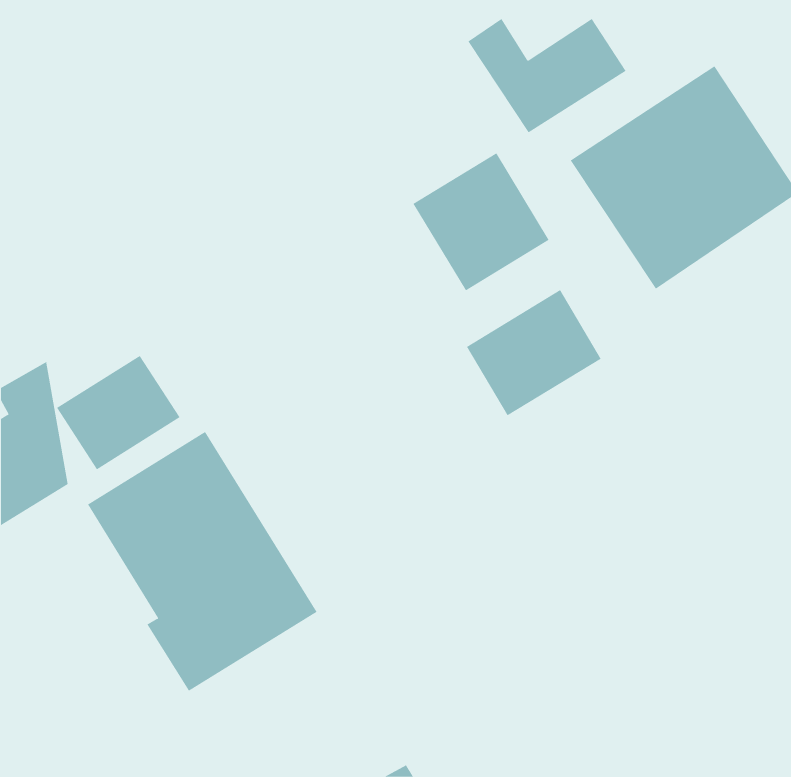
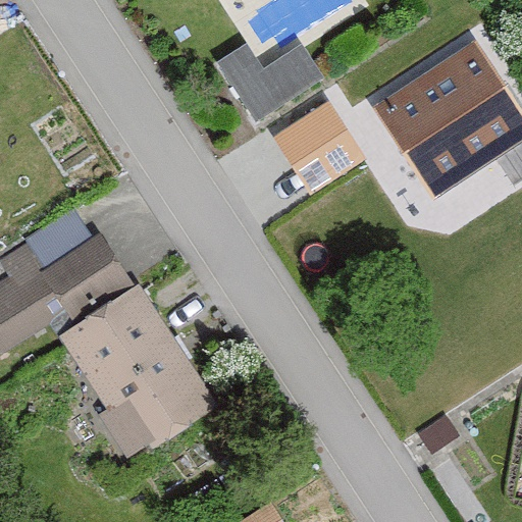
building: [468,18,626,133] -> [217,43,321,118]
building: [466,289,601,416] -> none

